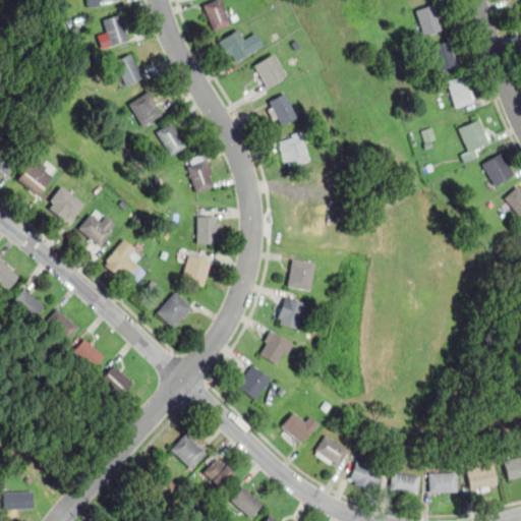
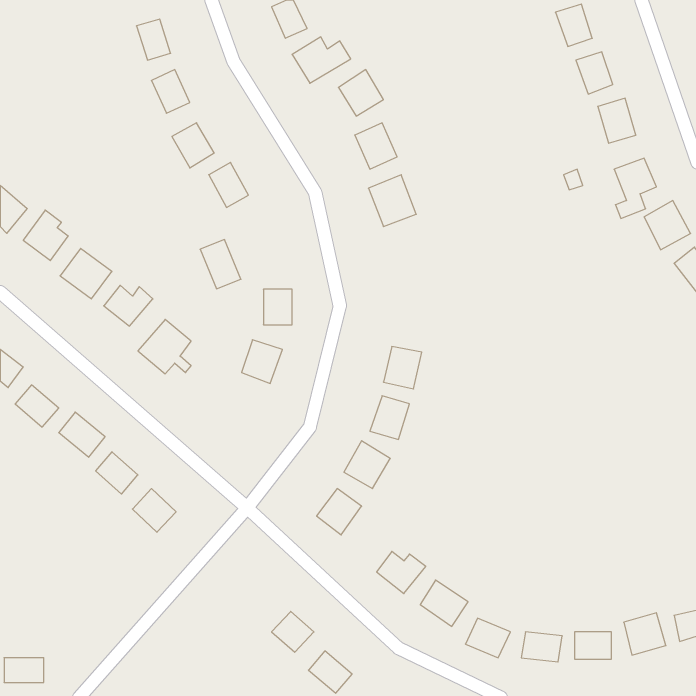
building: [185,156,216,192] -> [200,240,241,289]
building: [157,291,193,328] -> none
building: [171,432,207,468] -> none

